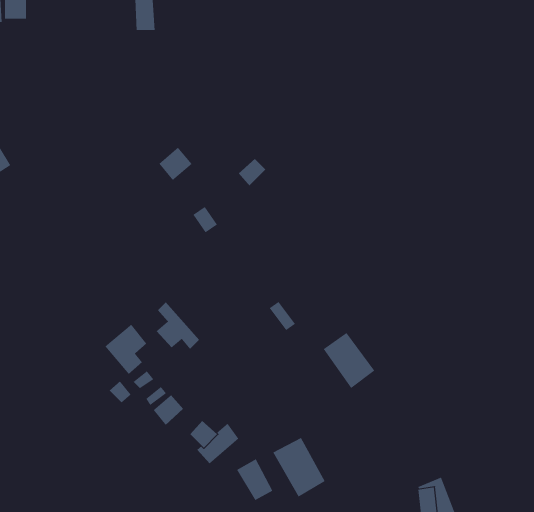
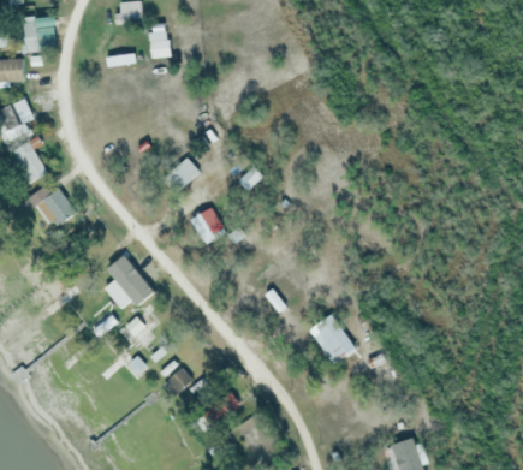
building: none -> [42,189,76,222]
building: [156,302,200,350] -> [114,257,151,298]
building: [273,437,325,497] -> none

